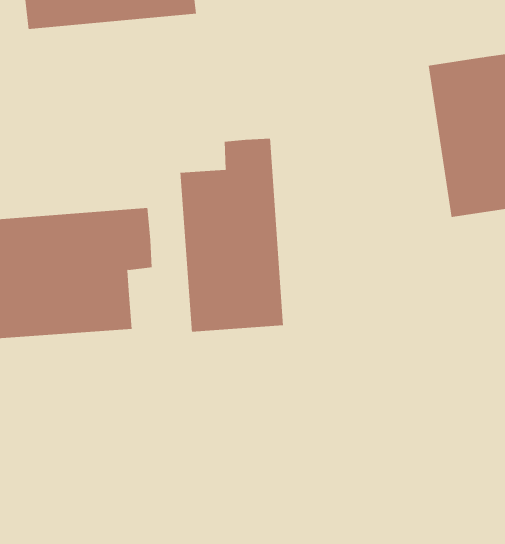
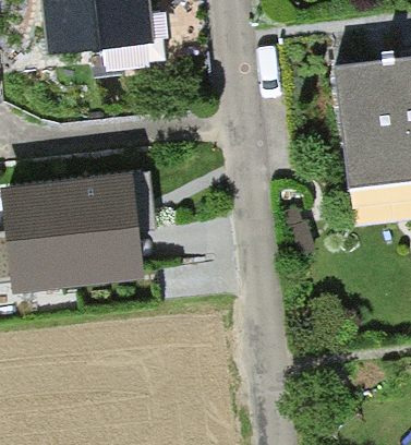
building: [180,138,283,332] -> none

